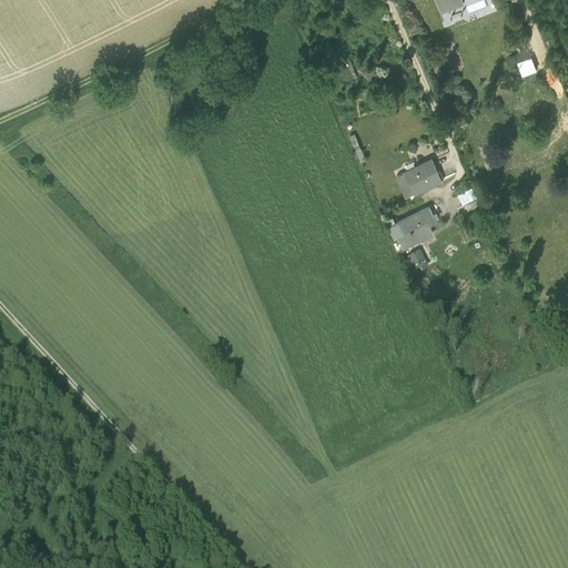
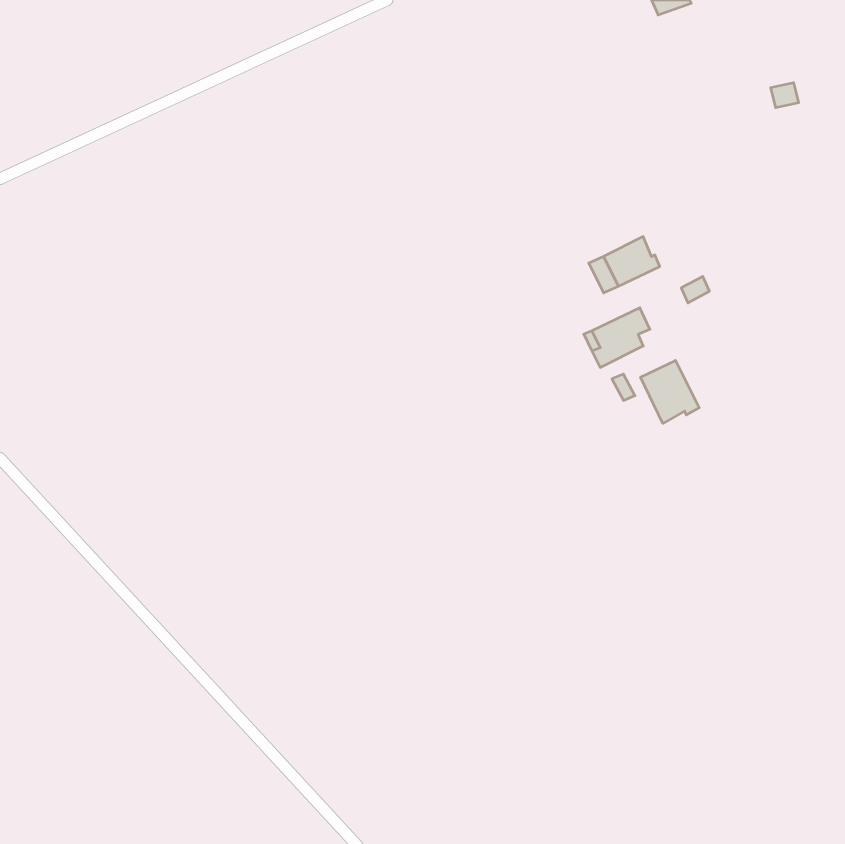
building: none -> [641,360,699,423]

